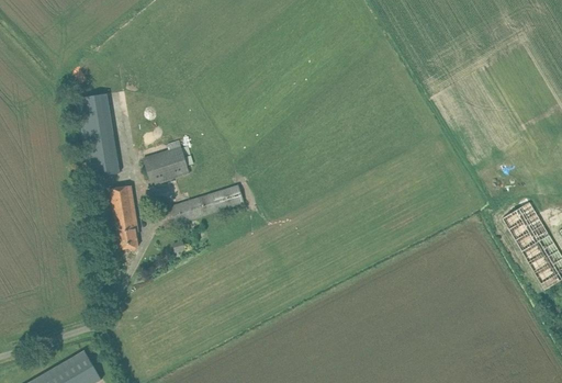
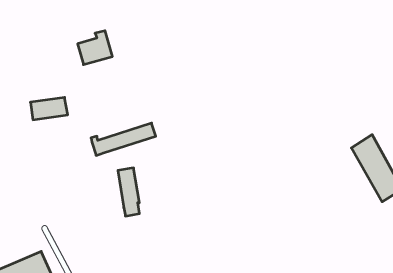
building: [77,108,106,150] -> none
building: [143,138,189,183] -> [78,31,112,65]
building: [110,184,138,248] -> [118,168,139,216]

